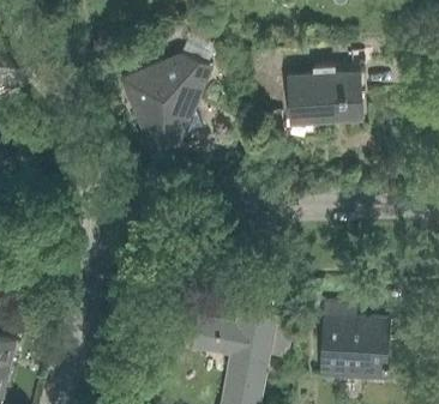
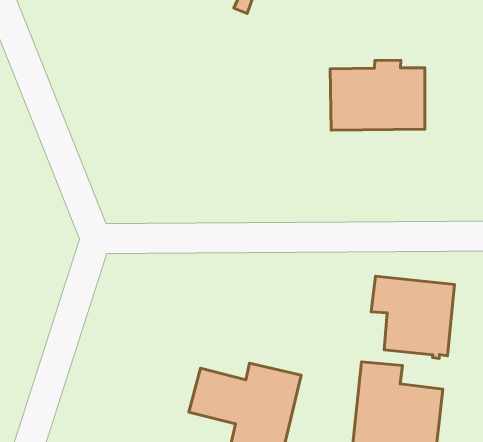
building: [120,53,212,147] -> none
building: none -> [371,276,455,359]

